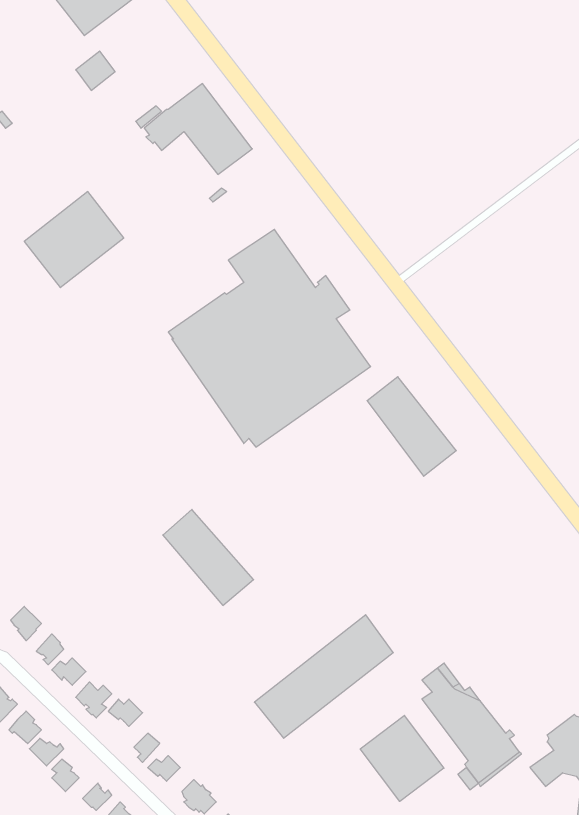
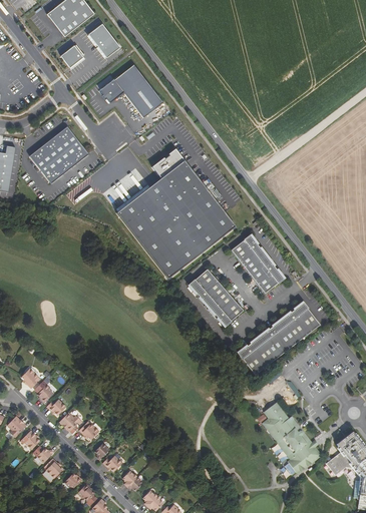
building: none -> [88,23,119,57]
building: [163,509,254,605] -> [190,269,243,325]
building: [254,615,393,738] -> [238,302,319,374]
building: [360,715,444,801] -> none

